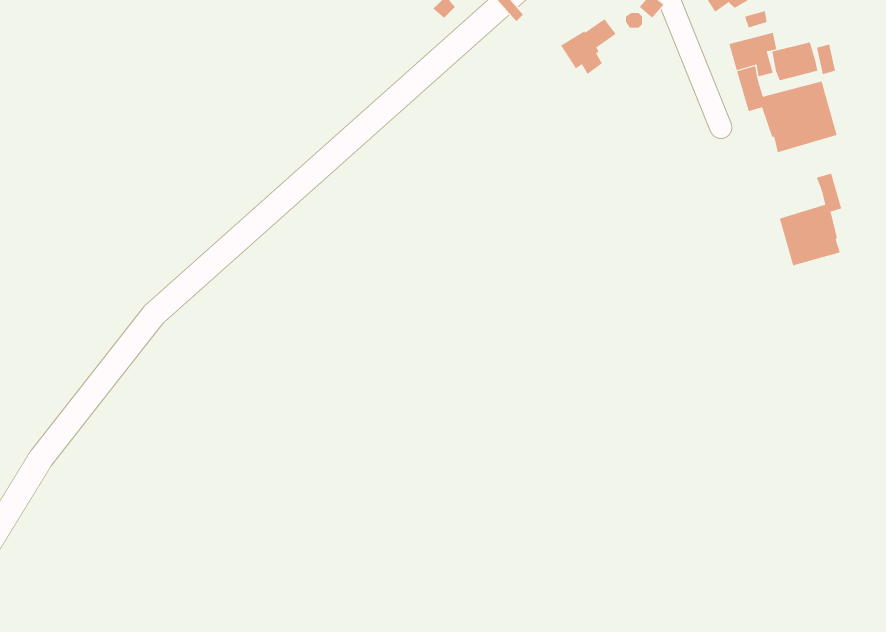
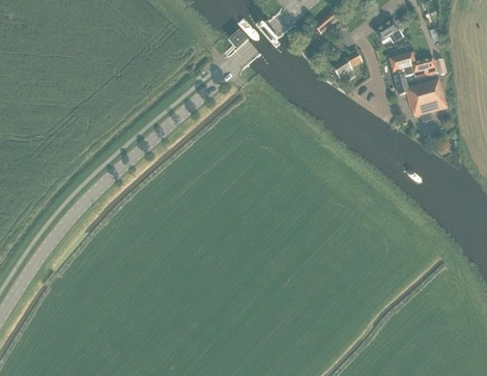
building: [560,18,617,75] -> [332,52,362,82]
building: [779,173,842,266] -> none

